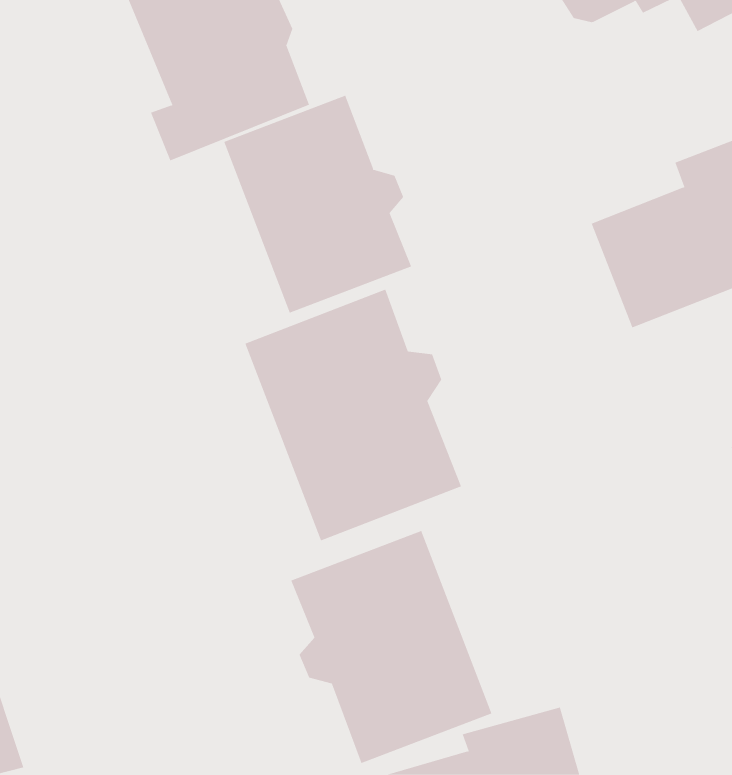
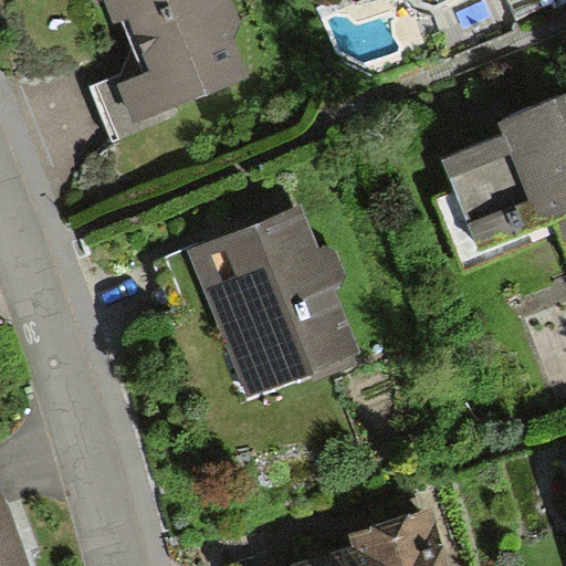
building: [223,95,412,314] -> none
building: [291,530,492,764] -> none

